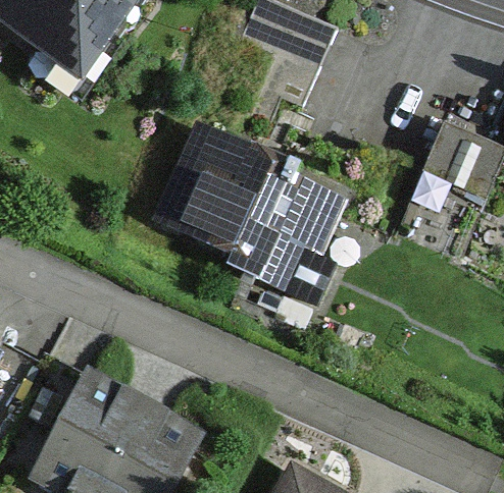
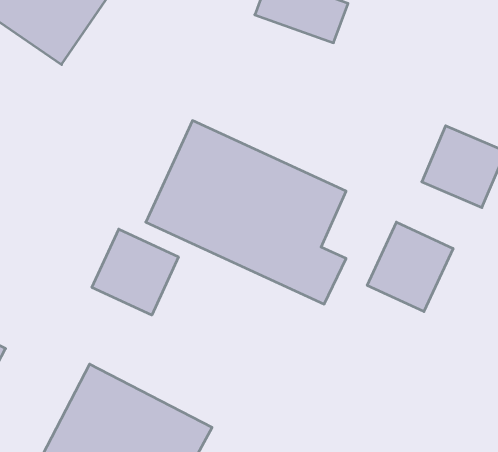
building: none -> [367,222,453,312]
building: none -> [92,229,178,315]

